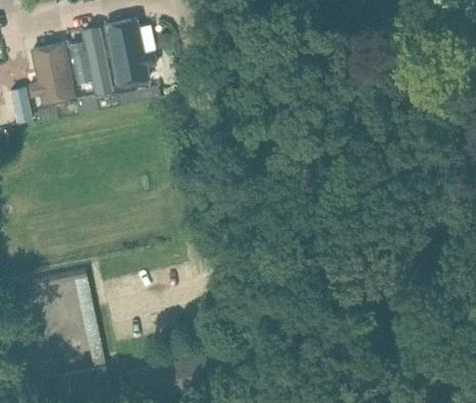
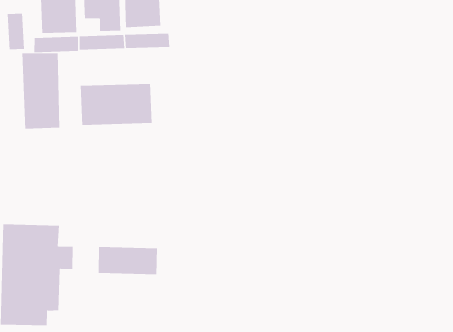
building: none -> [22,53,60,129]
building: none -> [80,83,152,126]
building: none -> [98,246,157,275]

